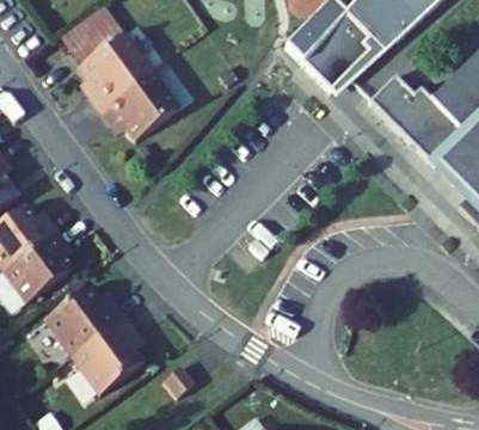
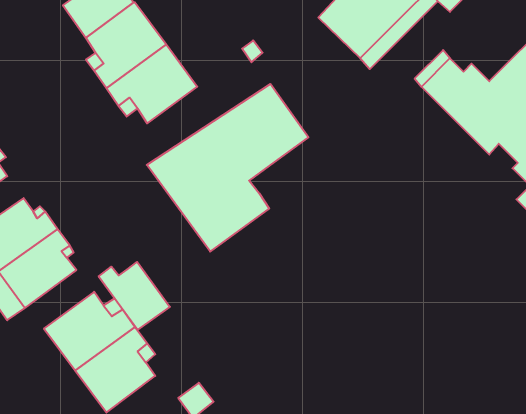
building: none -> [147,84,308,252]
building: none -> [99,262,170,330]

